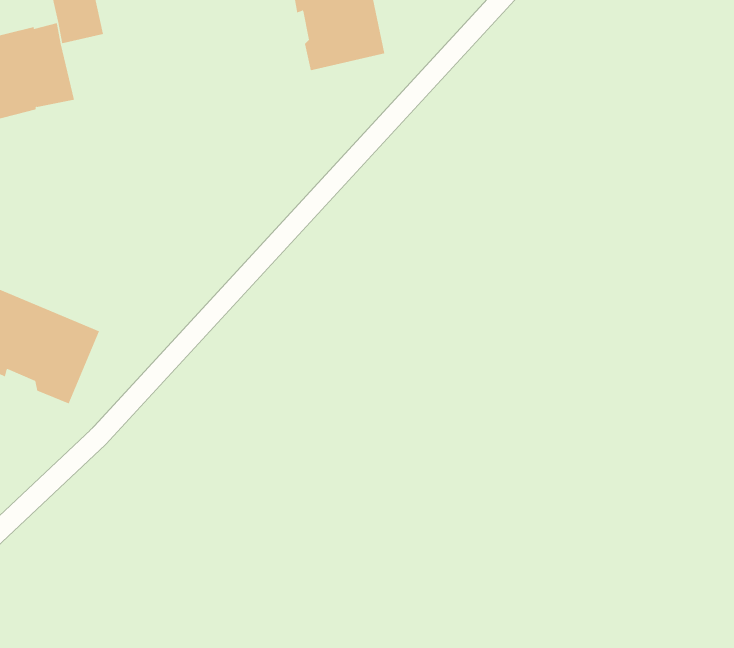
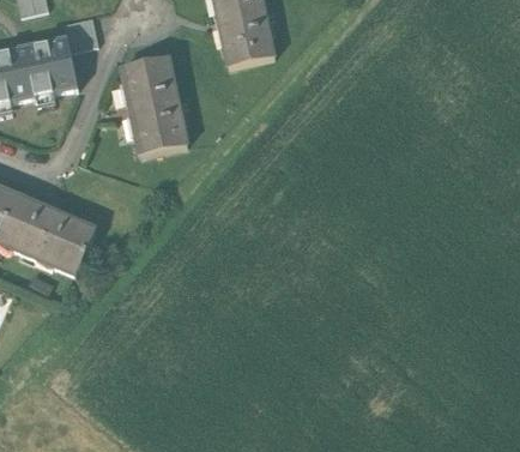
building: none -> [121,55,185,152]

